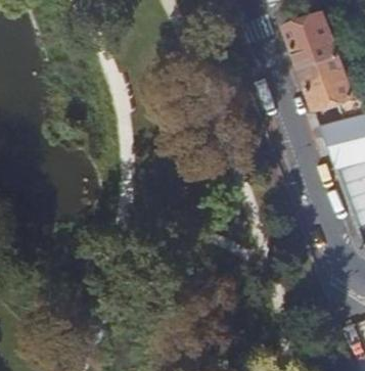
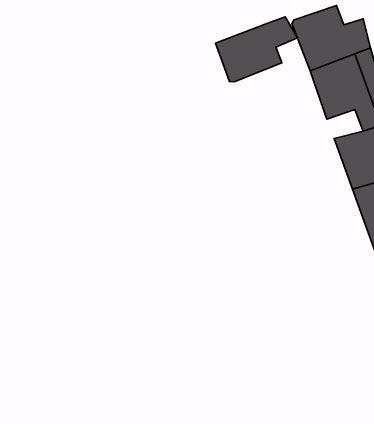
building: none -> [215,17,297,82]

